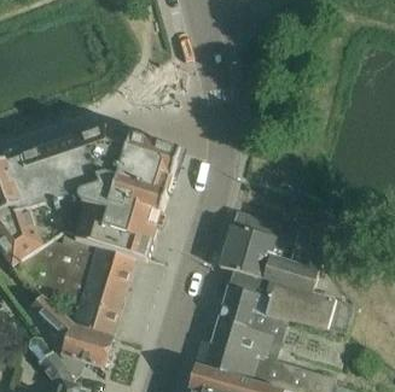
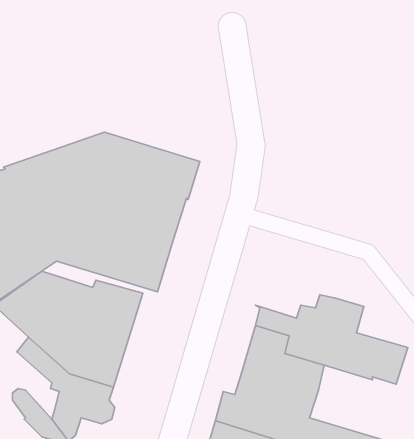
building: [217,209,296,277] -> none

